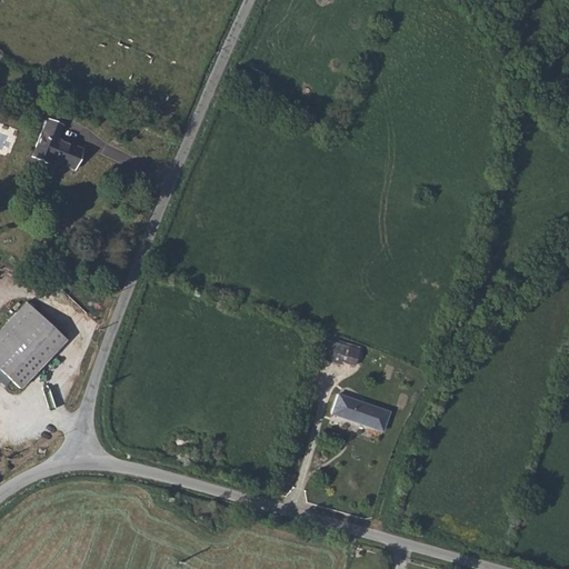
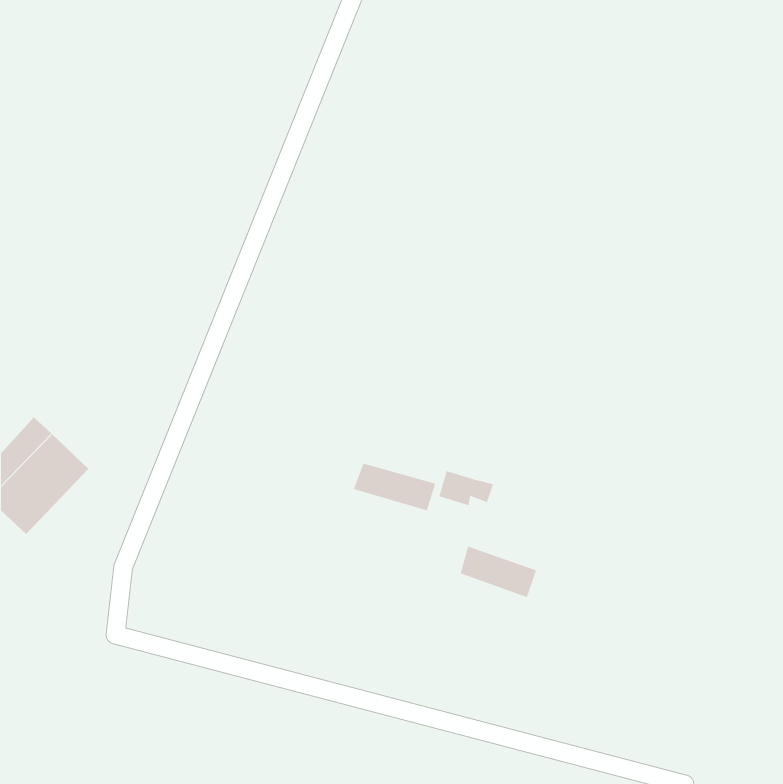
building: [32,116,84,168] -> none
building: none -> [353,463,436,511]

